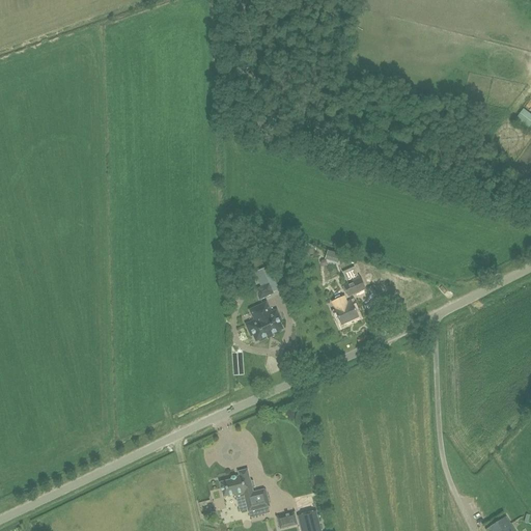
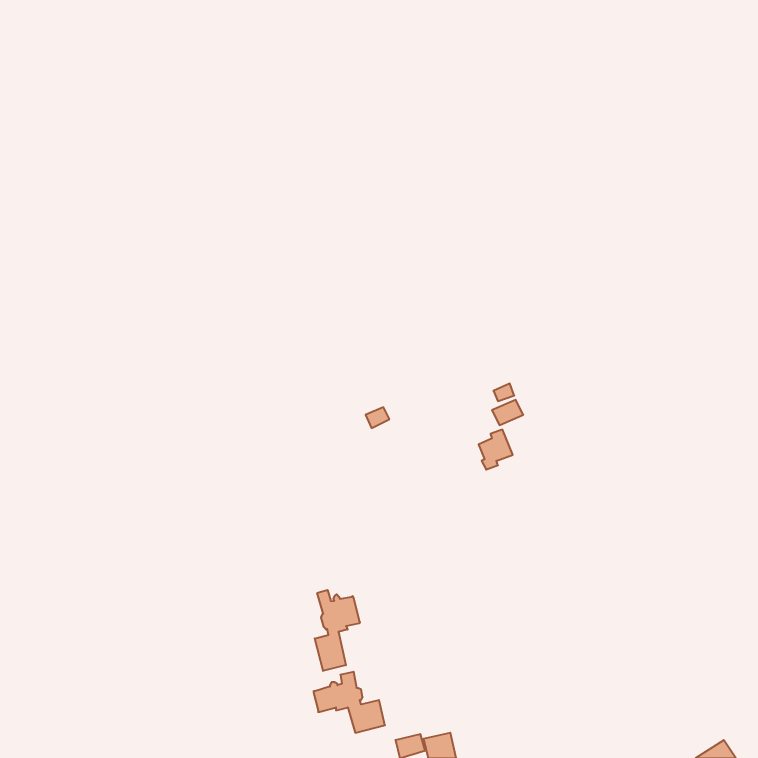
building: [246,303,282,341] -> none
building: none -> [315,590,360,671]

